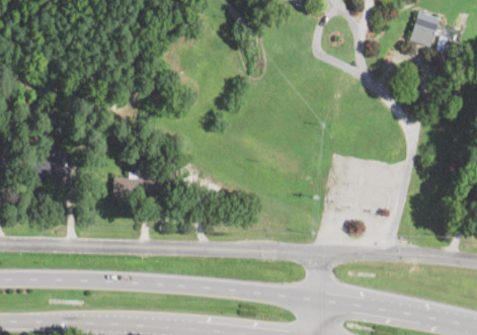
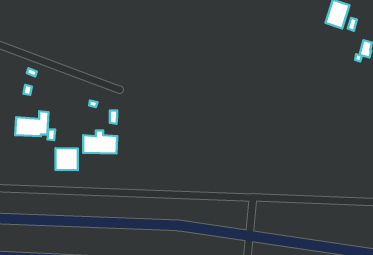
building: none -> [55,148,78,170]

